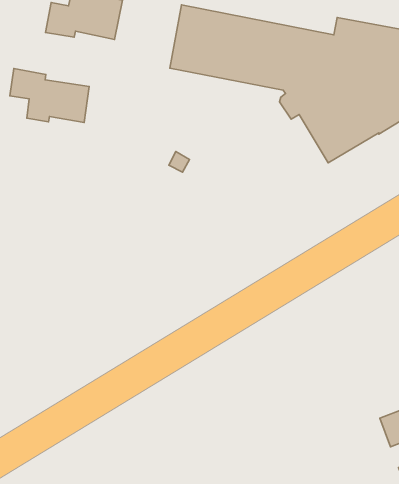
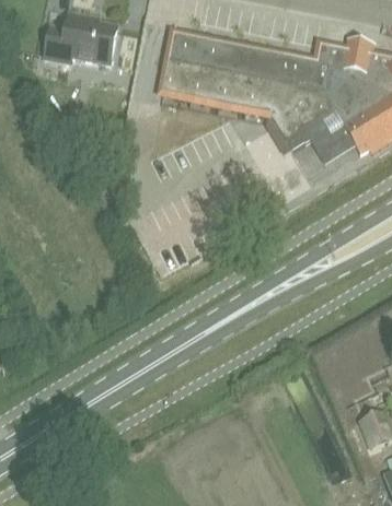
building: [10,68,89,122] -> none

